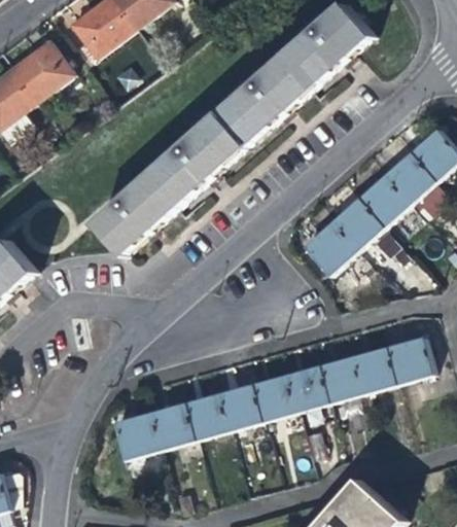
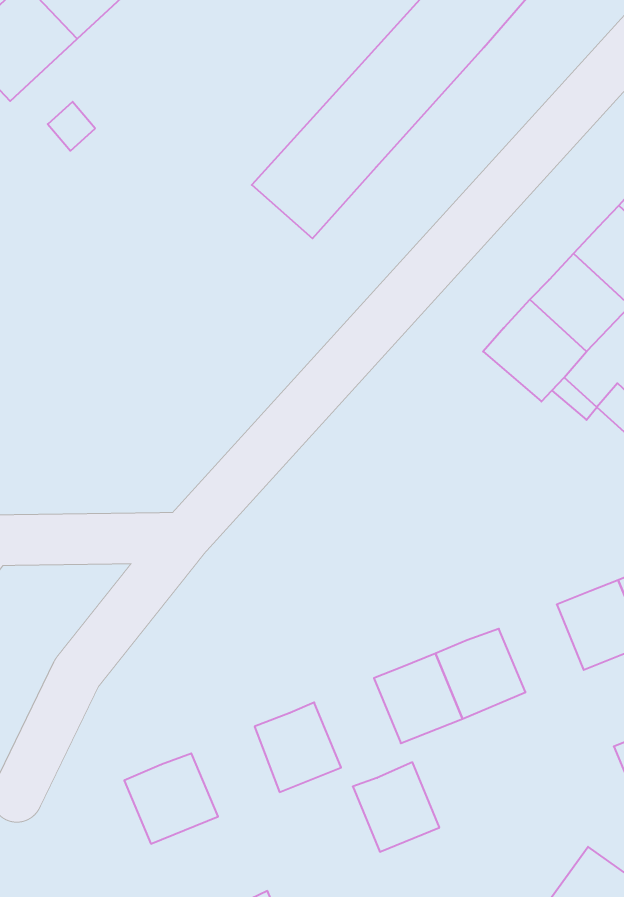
building: [96,116,245,255] -> none
building: [301,218,356,273] -> none
building: [320,356,362,400] -> none
building: [218,384,261,429] -> [353,762,439,852]
building: [150,402,195,448] -> none

